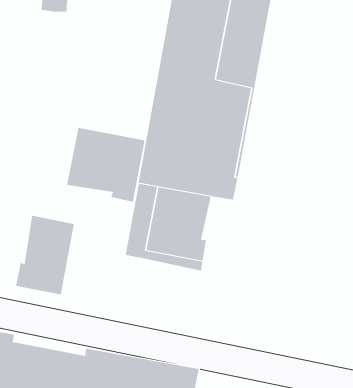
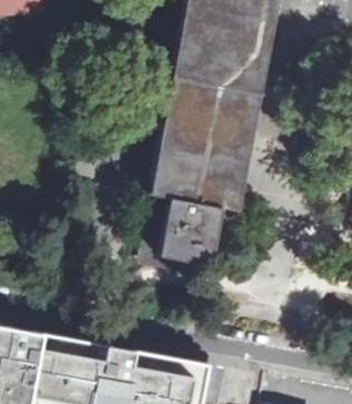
building: [67,127,145,202] -> none
building: [15,215,75,295] -> none

